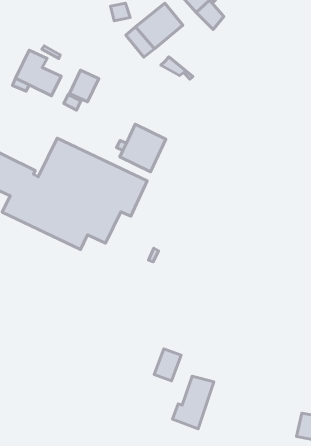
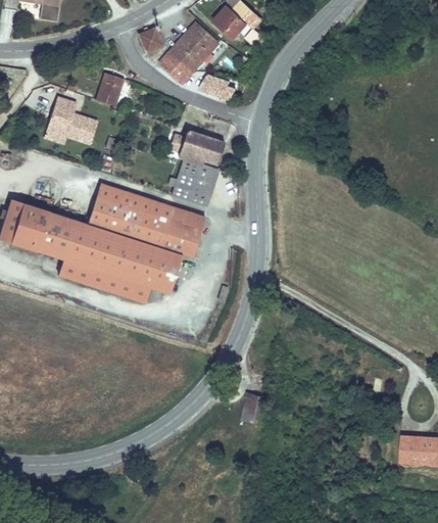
building: [70,70,99,102] -> [95,70,124,103]
building: none -> [179,132,226,170]
building: [172,376,214,429] -> none

